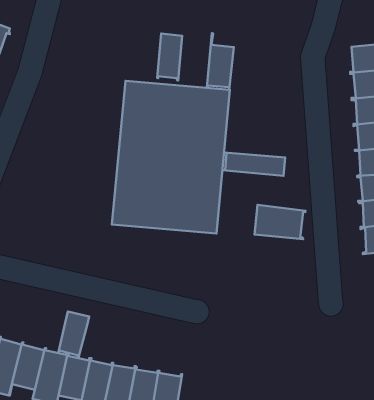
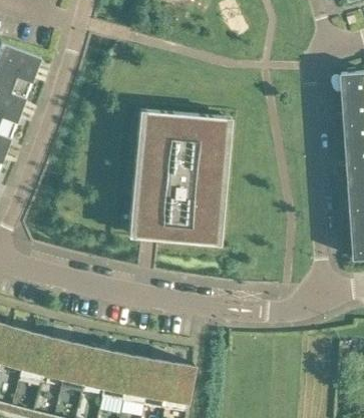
building: [207,33,234,90] -> none
building: [157,34,182,80] -> none
building: [223,153,285,176] -> none
building: [255,205,306,239] -> none
building: [58,311,89,357] -> none

